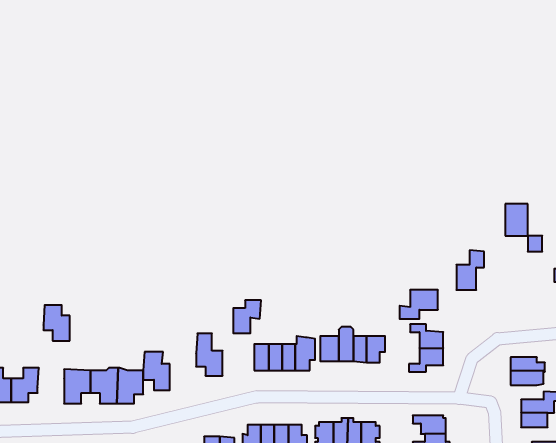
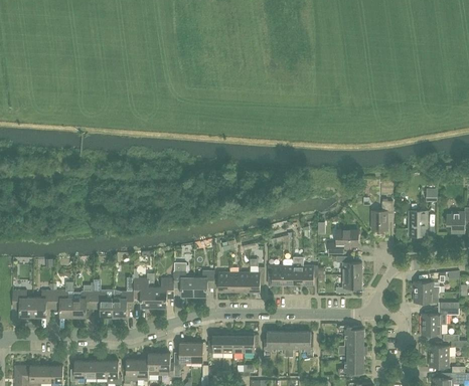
building: [505,204,528,236] -> [409,212,426,236]
building: [233,300,261,333] -> [193,271,214,297]
building: [43,305,70,341] -> [52,291,72,318]
building: none -> [153,278,173,308]

